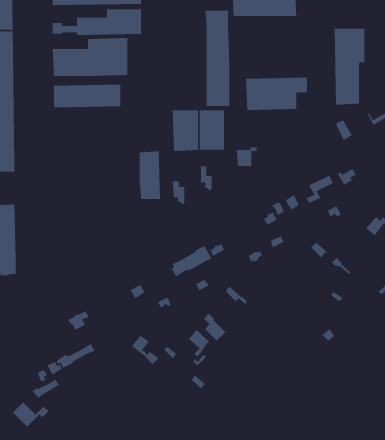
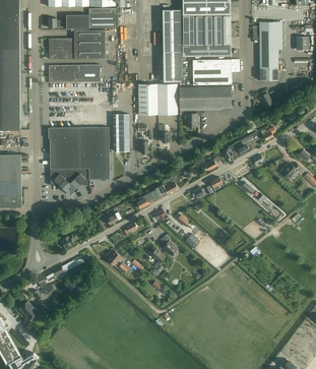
building: none -> [182,14,235,56]
building: none -> [179,80,231,108]
building: none -> [49,127,109,191]

